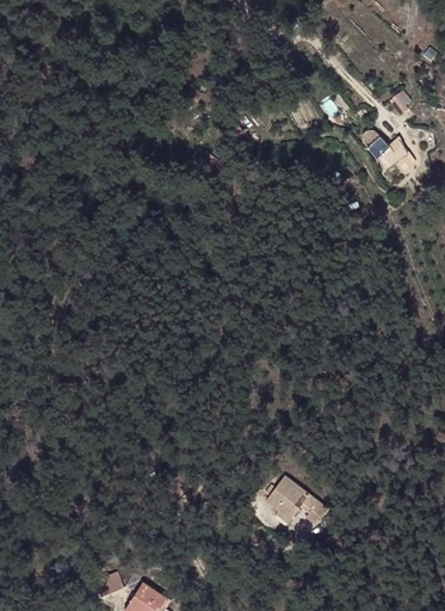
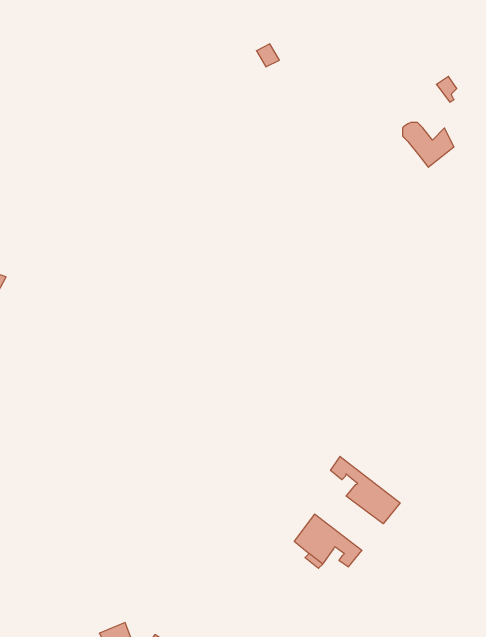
building: none -> [331,456,400,524]

